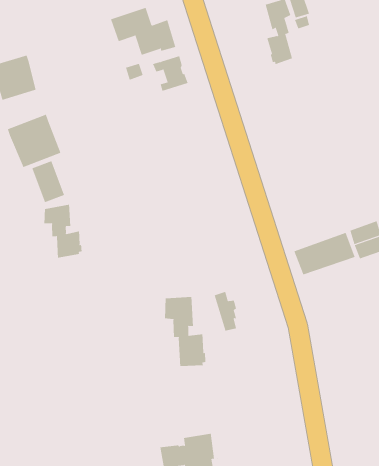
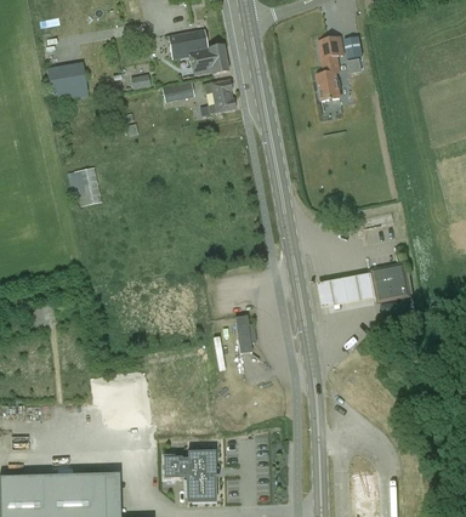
building: [7,114,61,168] -> none
building: [44,204,82,258] -> none
building: [165,296,206,367] -> none

